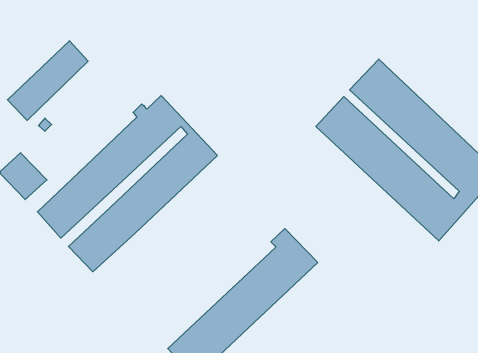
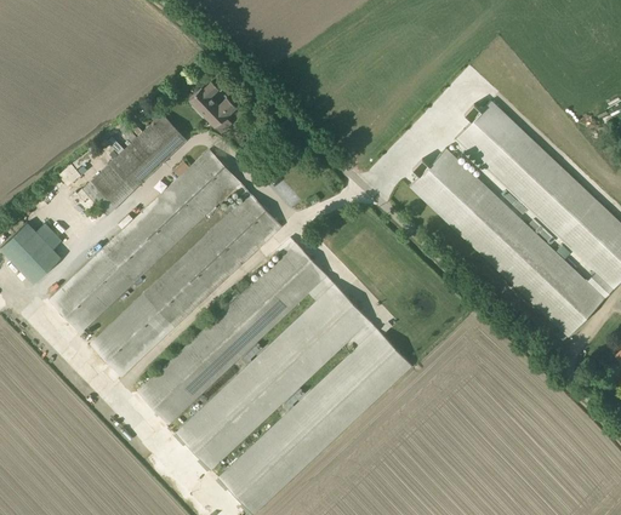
building: [7,41,88,120] -> [82,113,187,216]
building: none -> [188,81,237,135]
building: none -> [138,236,370,469]

